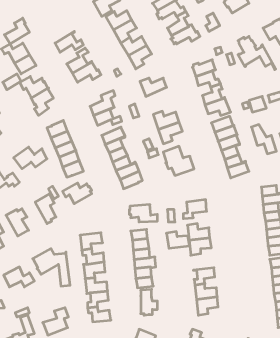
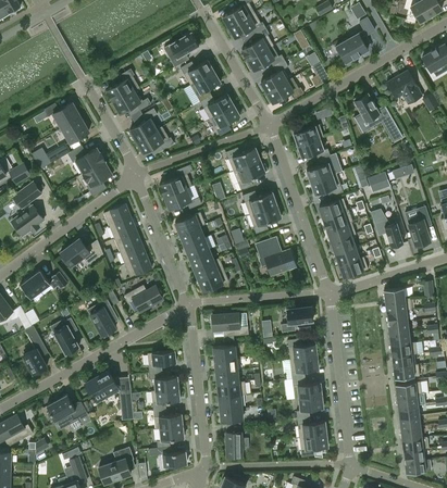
building: [4,18,29,44] -> [107,68,139,102]
building: none -> [233,160,265,190]
building: [166,232,190,248] -> [291,377,322,399]

